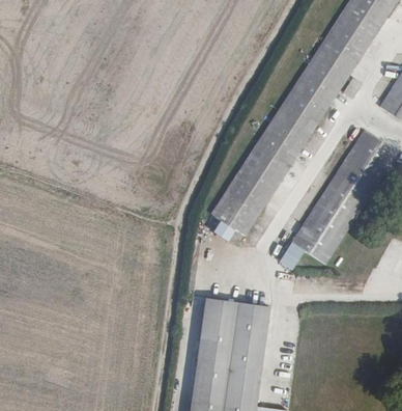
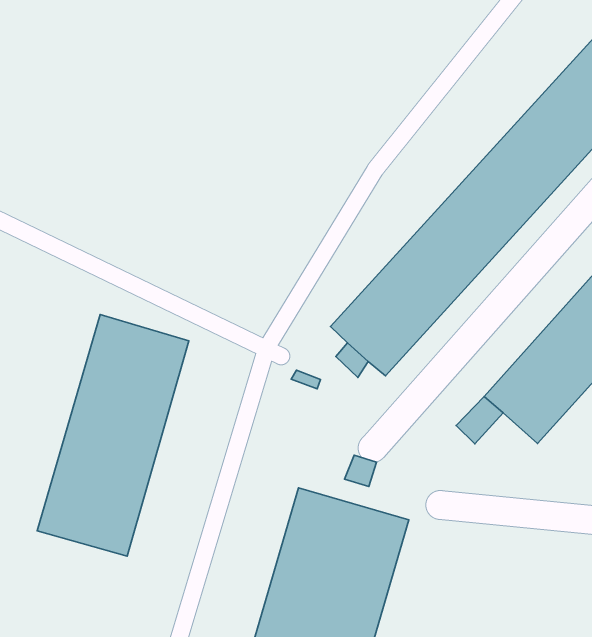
building: none -> [37,314,189,556]

